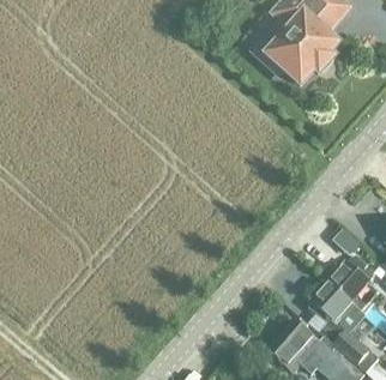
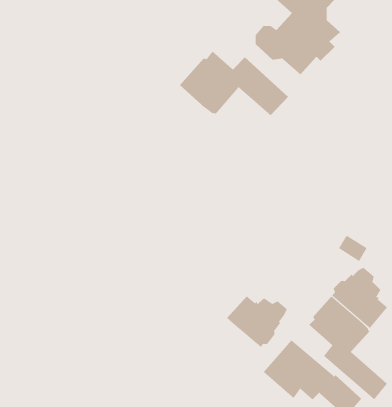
building: none -> [179,51,289,116]
building: none -> [226,295,287,348]

